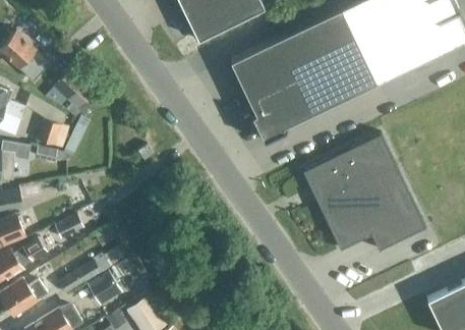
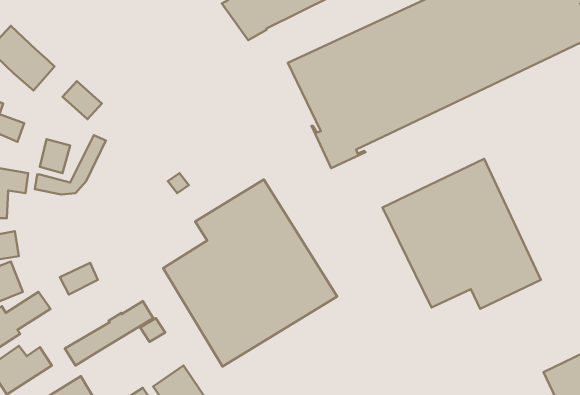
building: none -> [163,180,337,367]
building: [89,274,122,308] -> none

